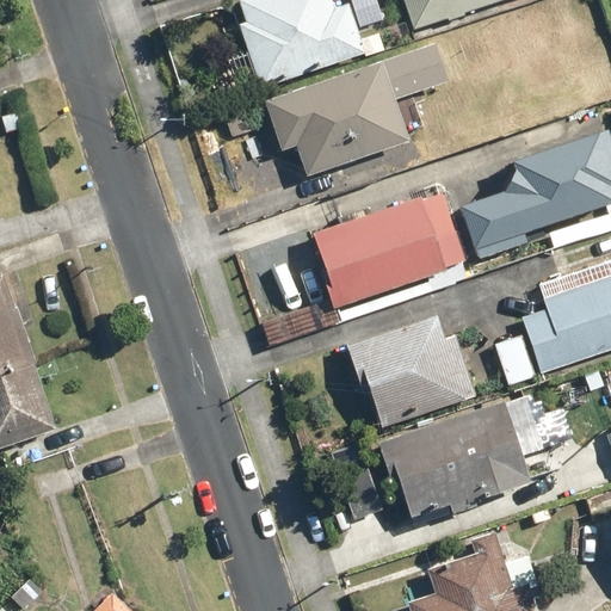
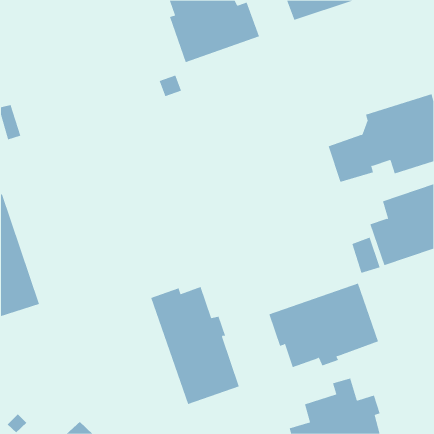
building: [264,42,449,177] -> none
building: [314,191,464,308] -> none
building: [346,315,476,427] -> none
building: none -> [151,286,239,405]

